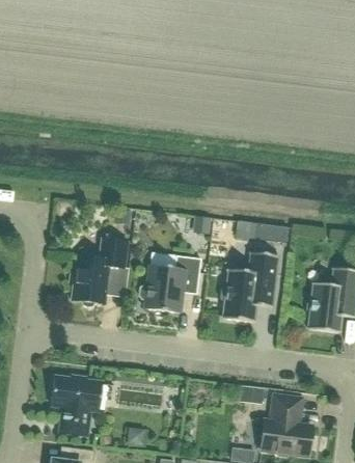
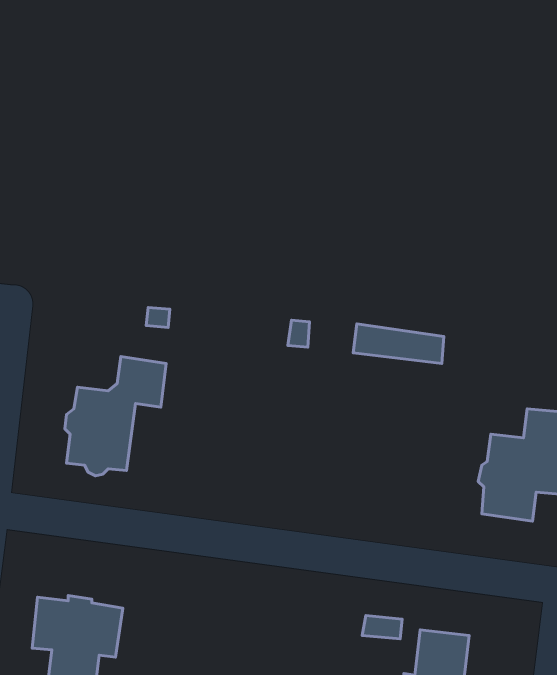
building: [221,251,277,322] -> none
building: [139,255,200,312] -> none

